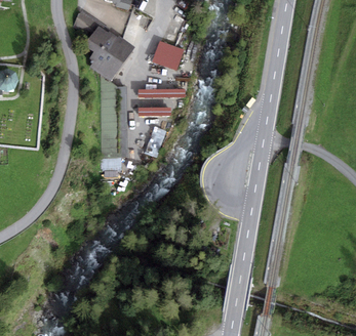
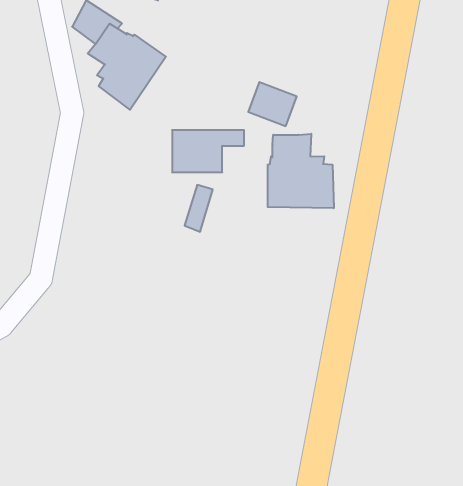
building: [151,40,183,69] -> [248,82,297,126]
building: none -> [268,134,334,208]

